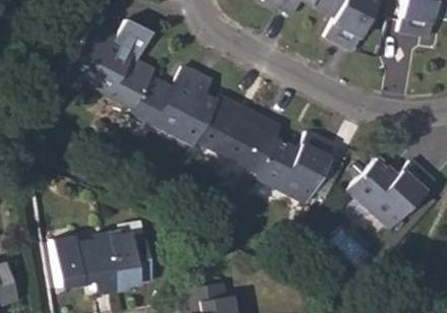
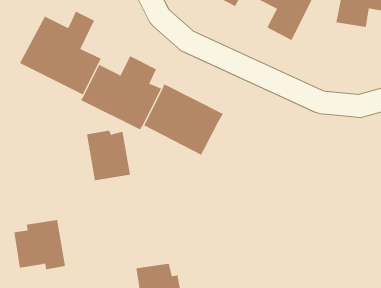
building: [255,130,335,201] -> none
building: [346,158,433,228] -> none
building: [107,233,154,286] -> [86,130,131,181]

